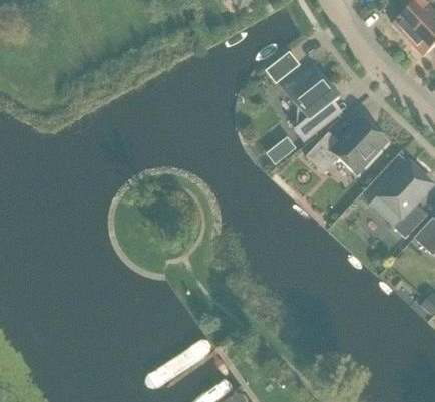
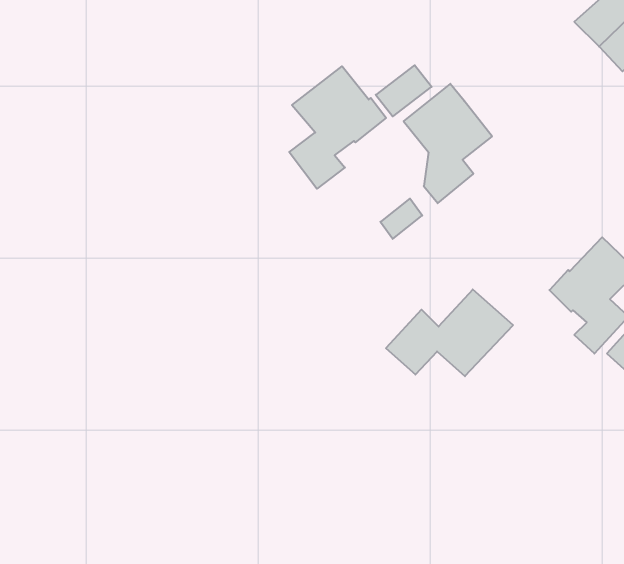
building: none -> [289,66,386,189]
building: [305,117,387,173] -> [386,289,513,376]

